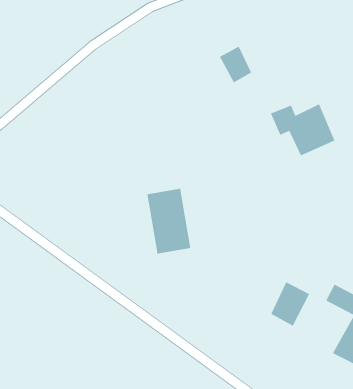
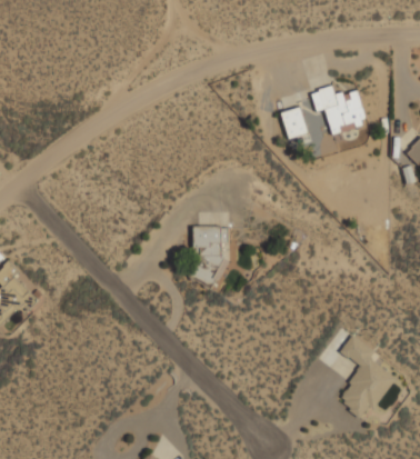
building: [270,103,336,157] -> [312,86,368,134]
building: [270,281,310,327] -> none

